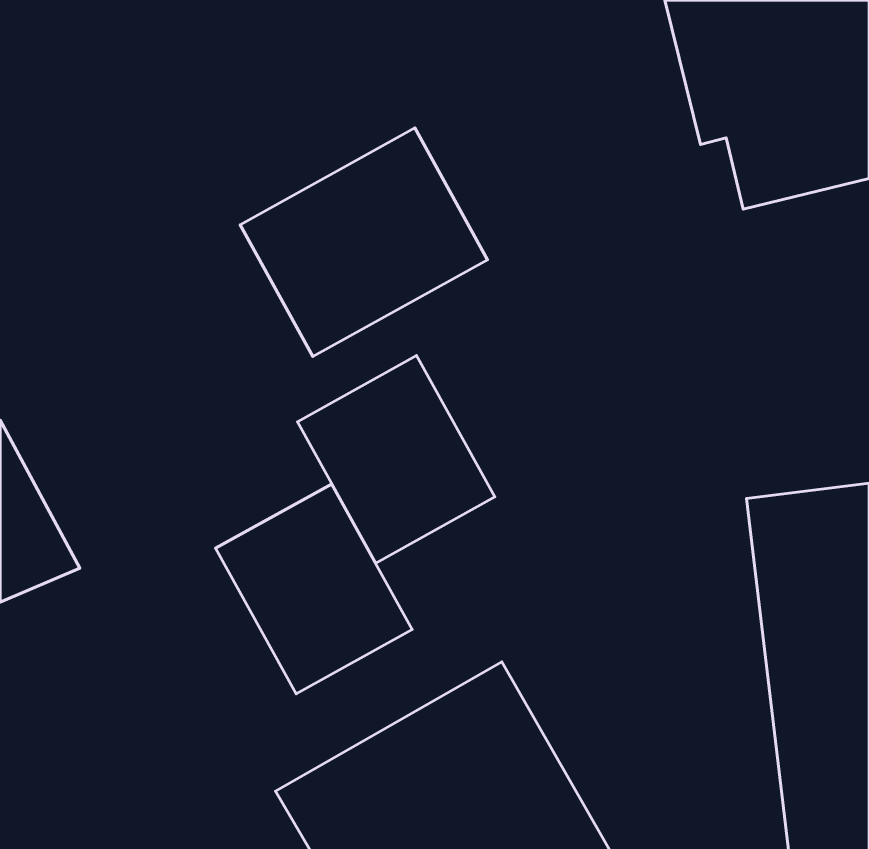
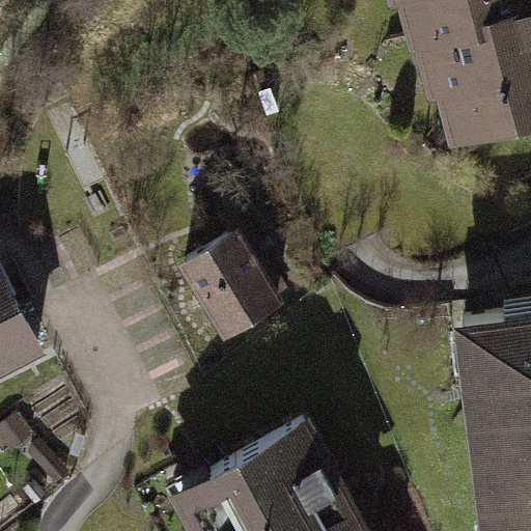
building: [240,128,487,357] -> none
building: [216,484,412,694] -> none

